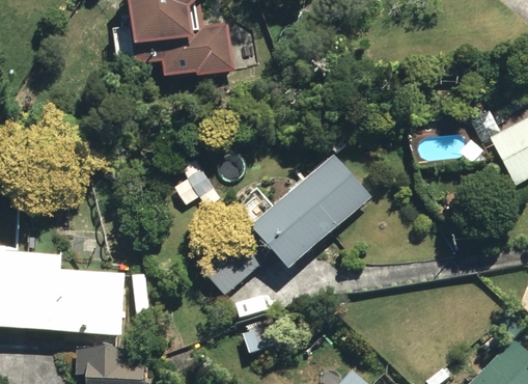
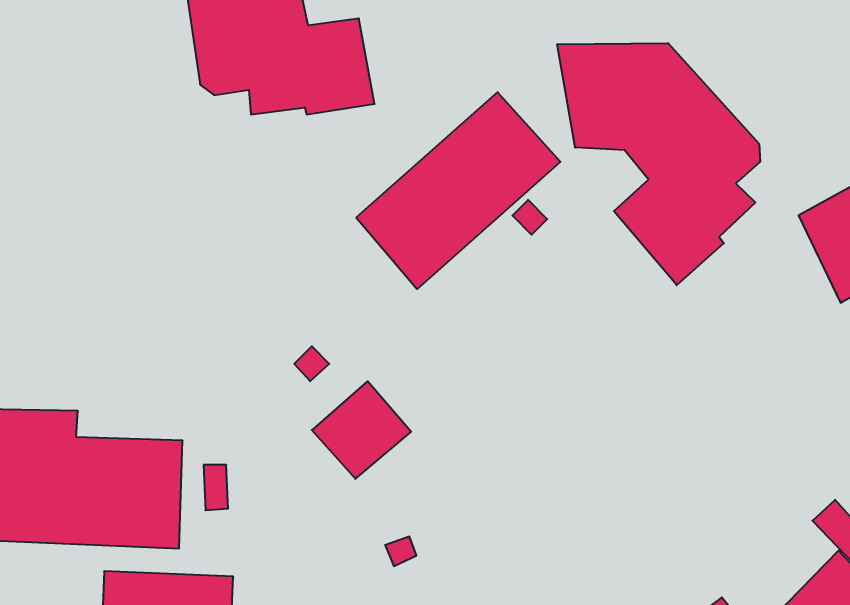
building: none -> [557,43,760,285]
building: [250,154,371,271] -> [356,92,560,289]

